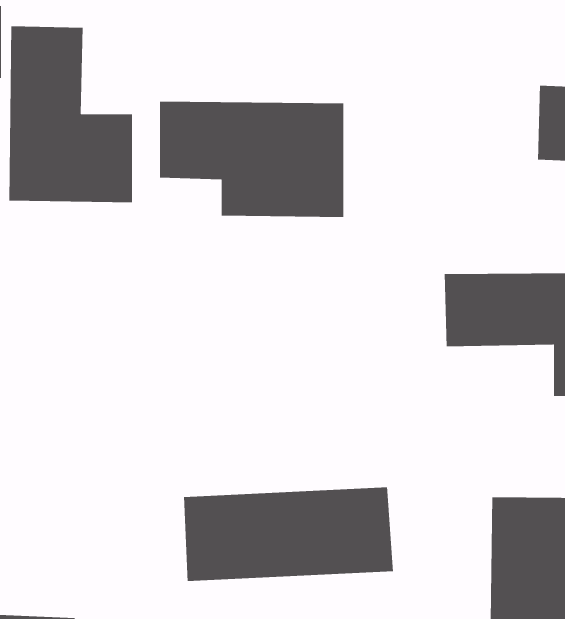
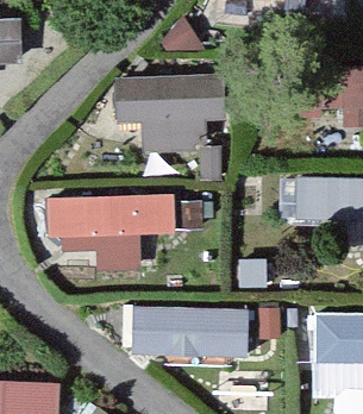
building: [8,25,133,203] -> none
building: none -> [46,194,179,275]

